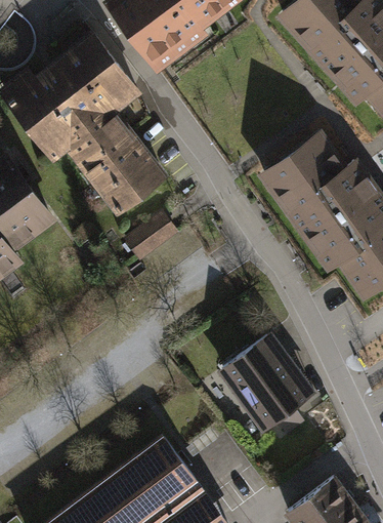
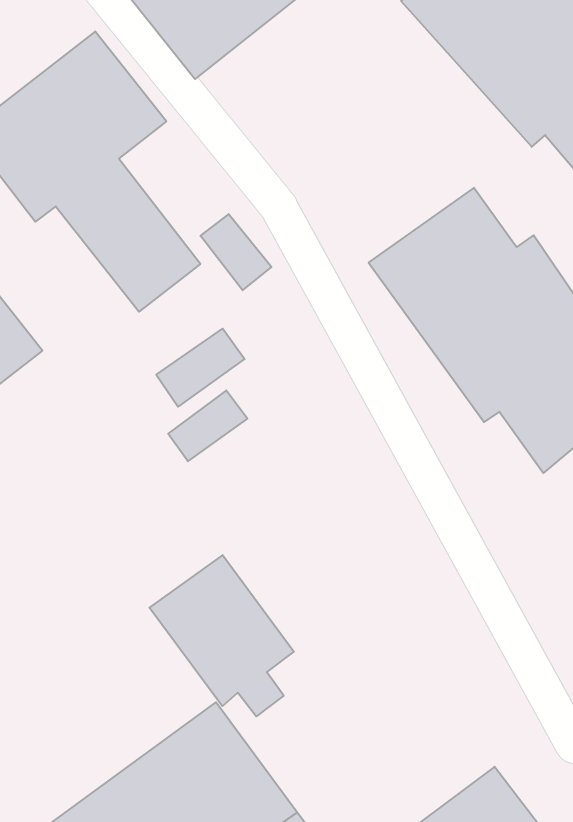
building: none -> [200,214,271,290]
building: none -> [168,390,247,461]
building: [223,336,310,434] -> [149,555,294,716]

